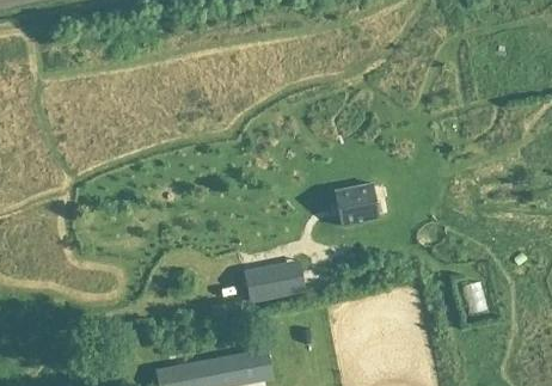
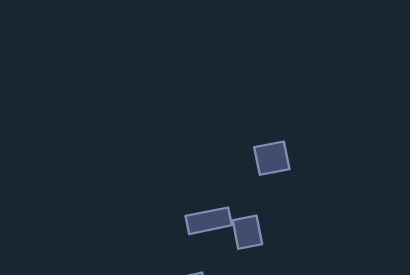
building: none -> [233,216,262,249]

